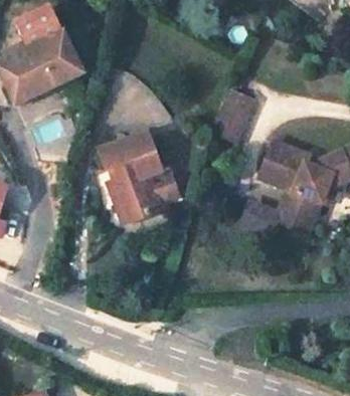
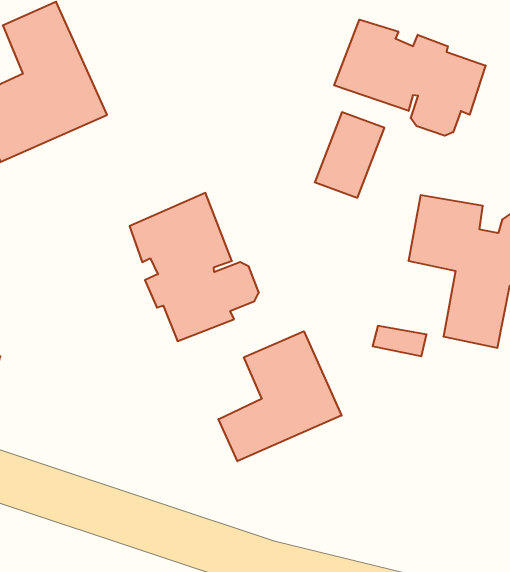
building: none -> [334,20,486,136]
building: none -> [218,331,342,461]

